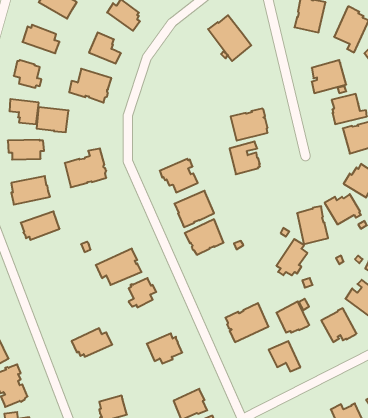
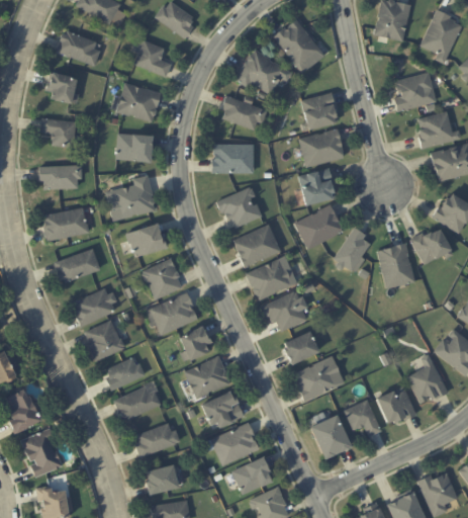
building: none -> [236,50,292,94]
building: none -> [300,92,338,130]
building: none -> [222,95,267,130]
building: [37,107,69,132] -> [116,133,154,162]
building: none -> [213,145,254,173]
building: none -> [295,203,343,249]
building: none -> [126,224,168,256]
building: none -> [143,258,182,298]
building: [276,239,307,275] -> [334,227,370,269]
building: none -> [75,288,116,326]
building: none -> [262,291,308,332]
building: none -> [86,320,125,360]
building: none -> [283,332,318,364]
building: [276,301,309,333] -> [377,385,415,422]
building: none -> [185,356,229,399]
building: none -> [106,358,146,391]
building: none -> [311,416,353,461]
building: none -> [135,423,180,456]
building: none -> [212,423,260,465]

